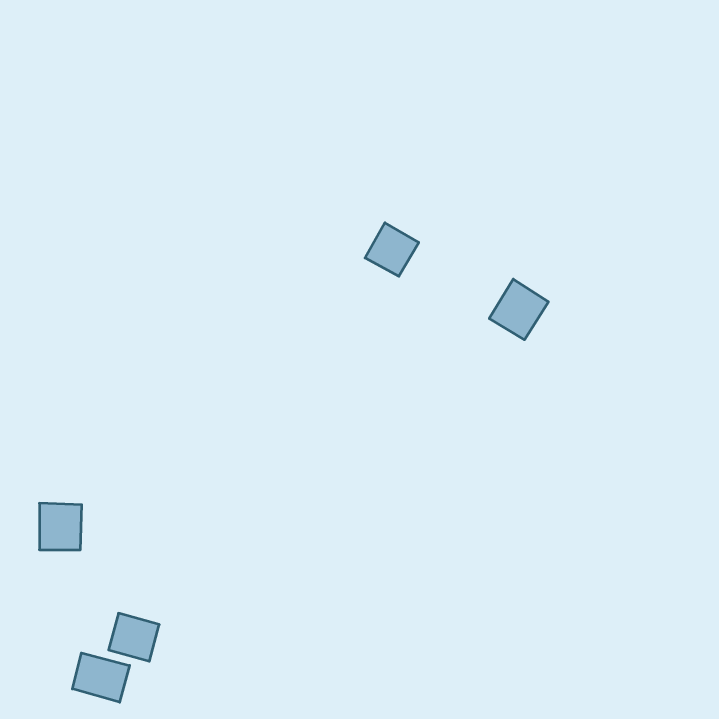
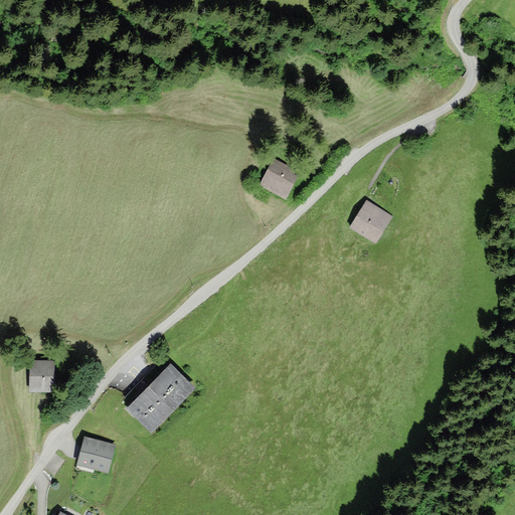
building: none -> [125,364,195,435]
building: [72,653,130,702] -> none

